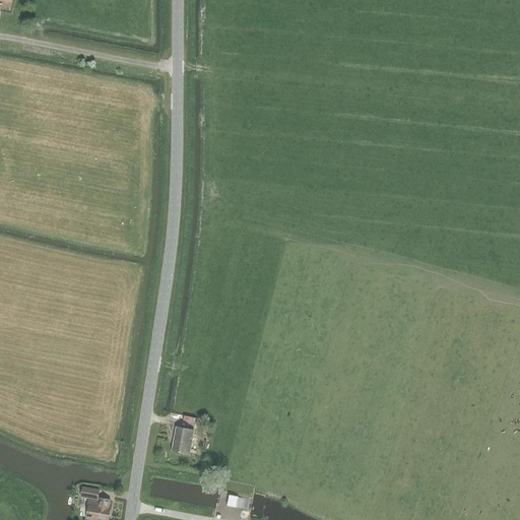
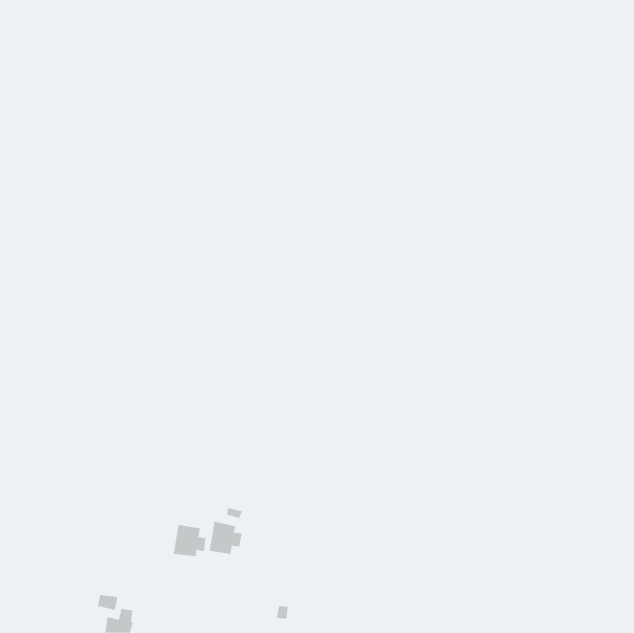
building: none -> [173,524,206,557]

